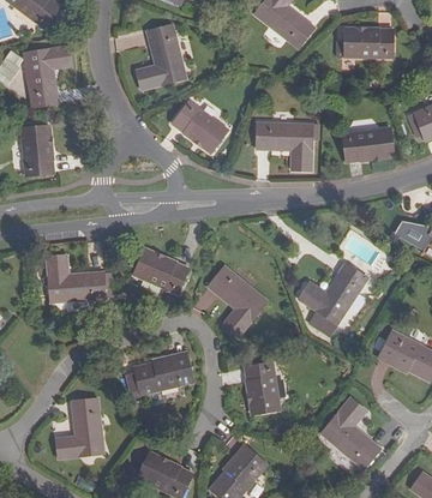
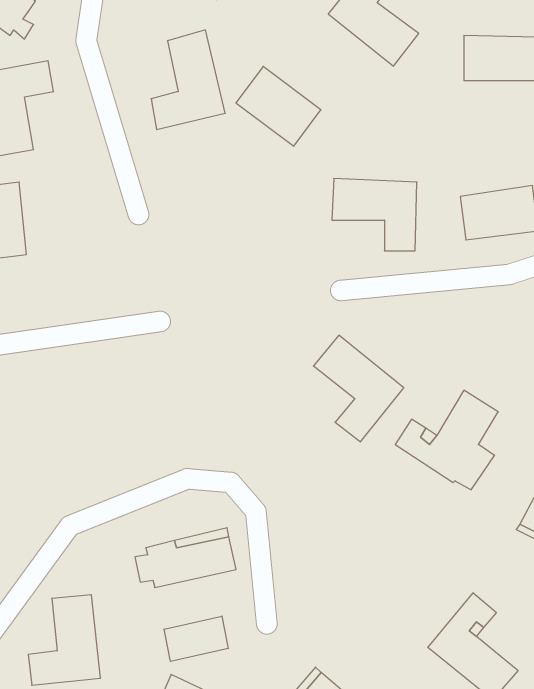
building: [172,101,228,154] -> [236,66,321,146]
building: [133,248,188,293] -> none
building: [47,254,106,302] -> none
building: [208,266,268,337] -> [313,335,404,442]
building: [244,361,280,414] -> none
building: none -> [164,616,228,661]

